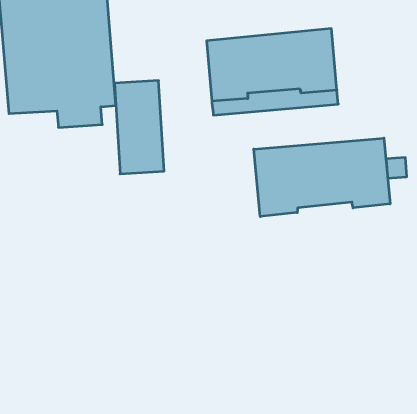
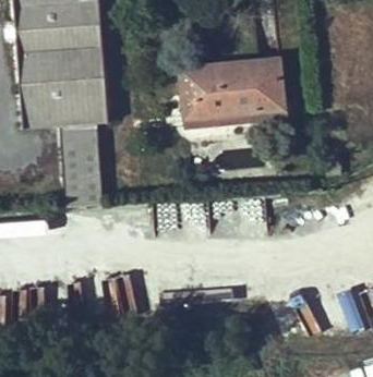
building: [115,81,164,174] -> [62,135,101,209]
building: [254,138,390,217] -> none

